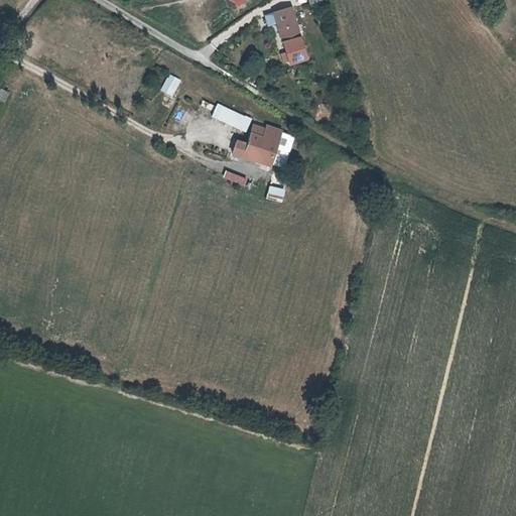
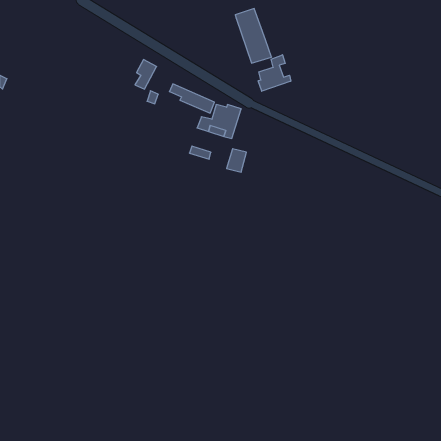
building: none -> [258,55,291,91]

